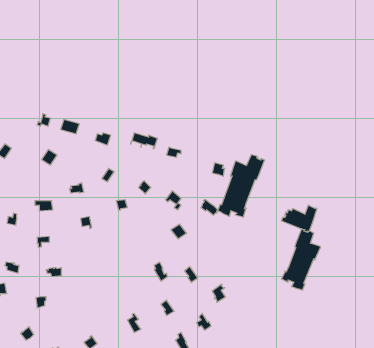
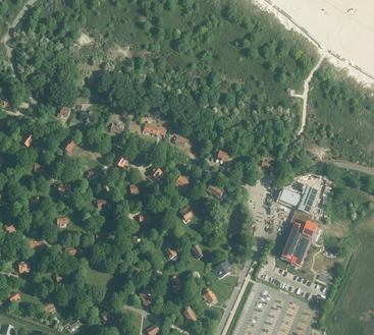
building: [218,155,265,217] -> none

